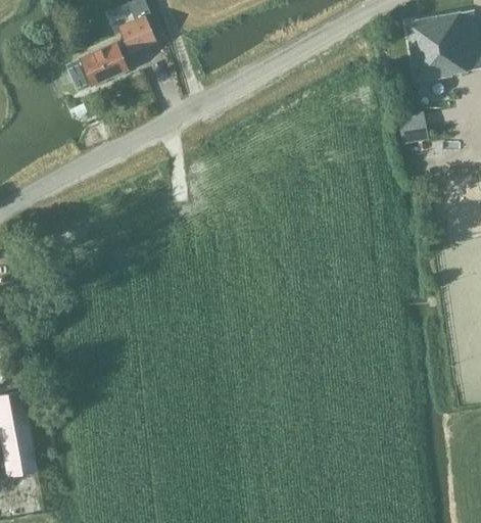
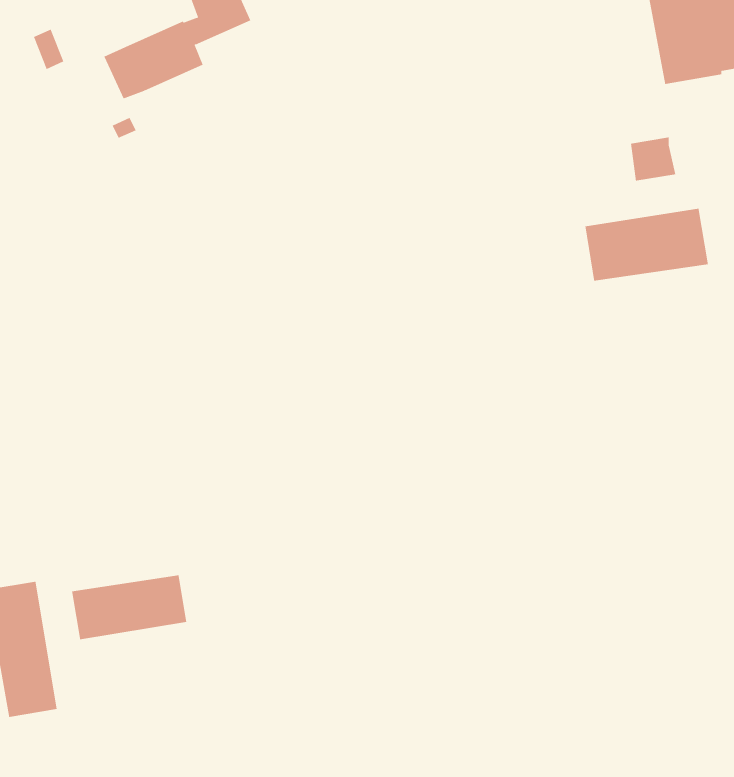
building: none -> [585,208,708,281]
building: none -> [71,574,187,640]

